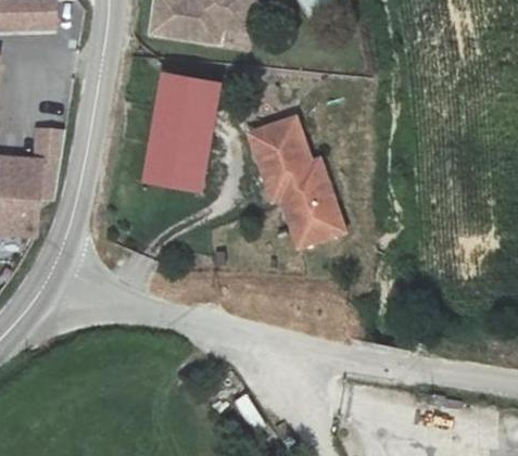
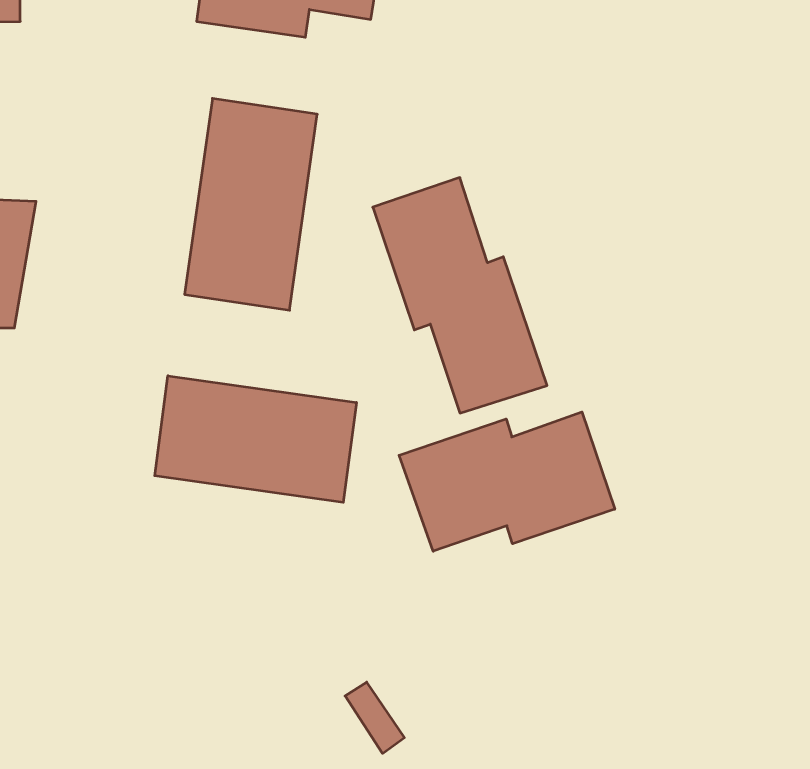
building: none -> [155,376,356,502]
building: none -> [399,412,615,551]

